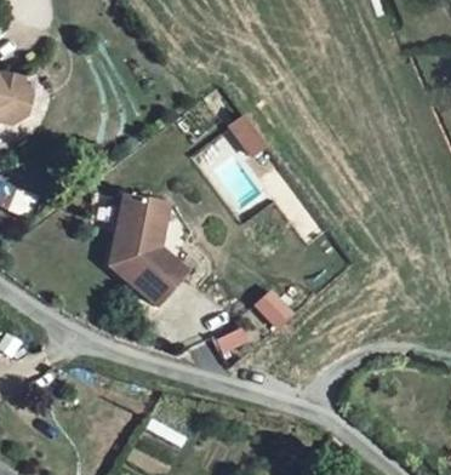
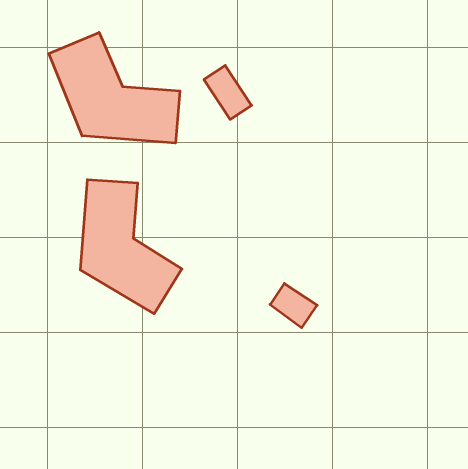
building: none -> [49,32,180,143]

